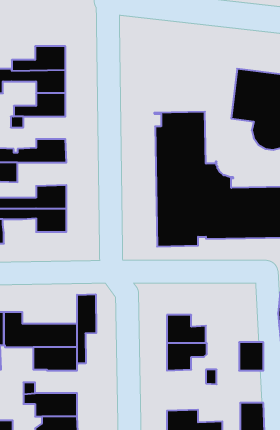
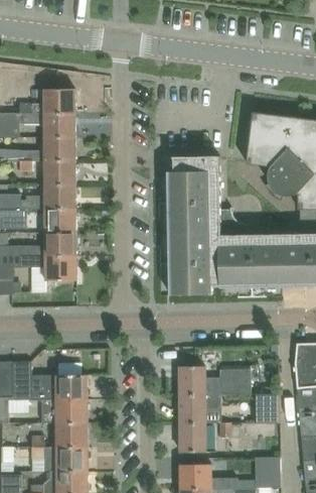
building: none -> [43,161,74,184]
building: none -> [44,209,75,233]
building: [77,294,96,364] -> none
building: none -> [219,366,250,395]
building: none -> [179,422,204,453]
building: none -> [55,423,87,447]

